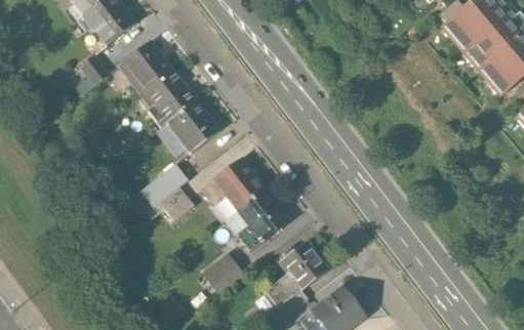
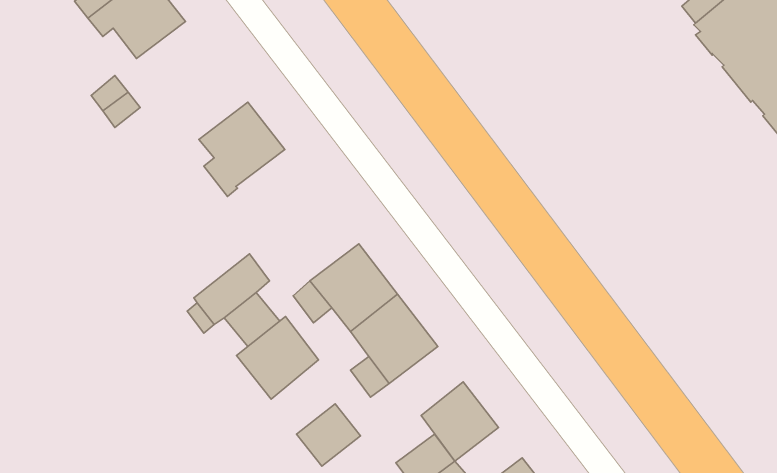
building: [122,41,174,93] -> none
building: [167,99,220,152] -> none
building: none -> [236,317,319,399]

